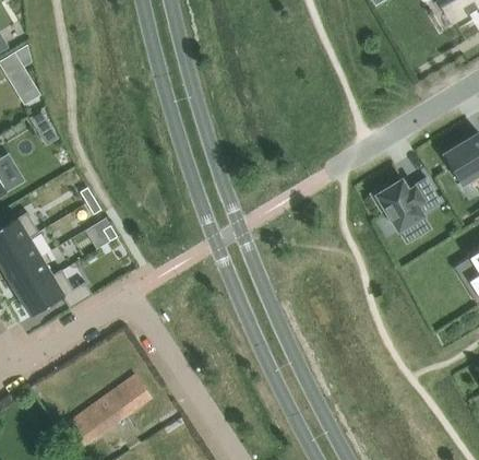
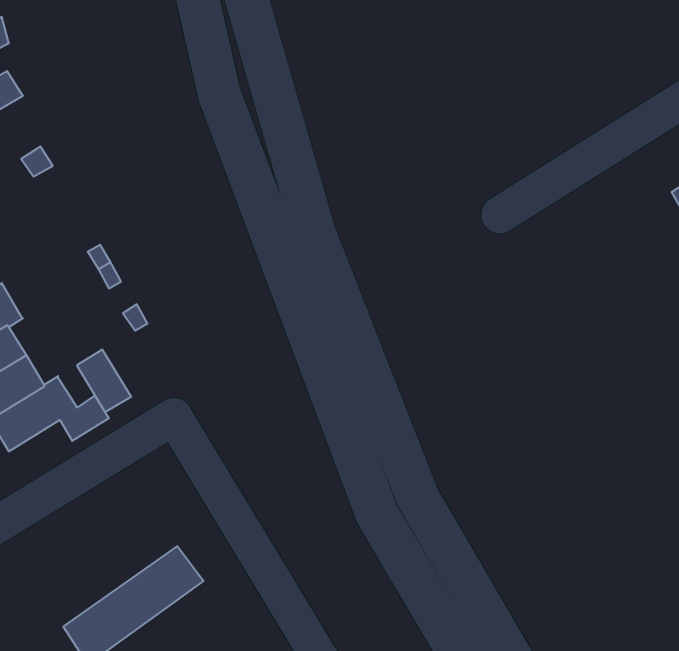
building: [370,179,440,232] -> none
building: none -> [77,349,131,412]

